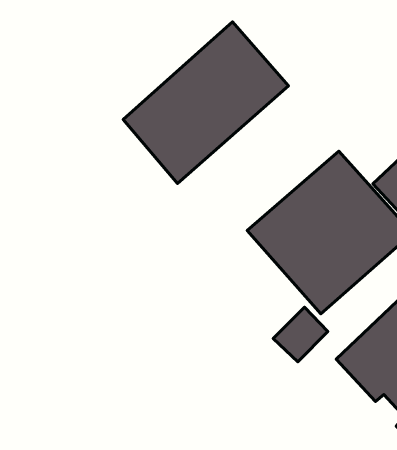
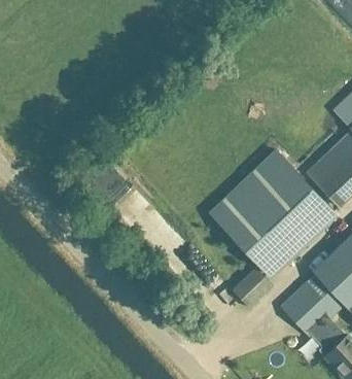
building: [123,22,288,183] -> none

